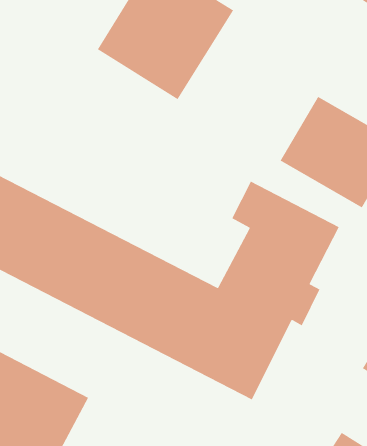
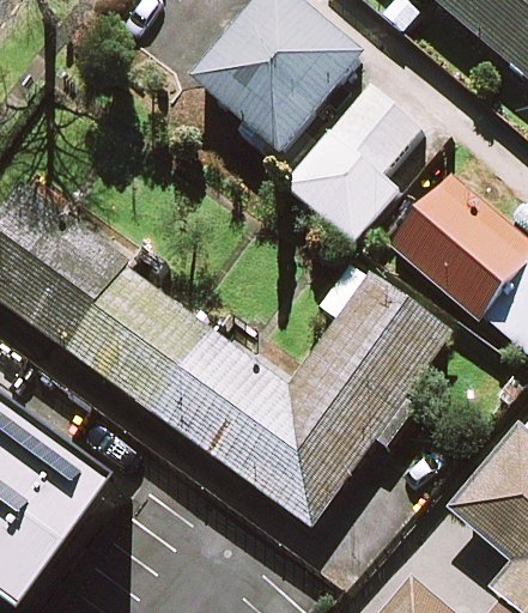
building: none -> [286,84,419,239]

